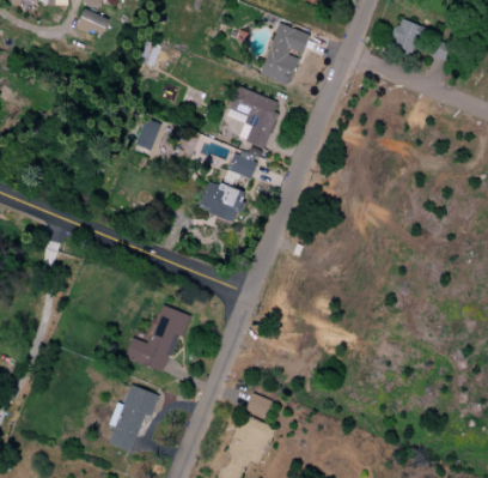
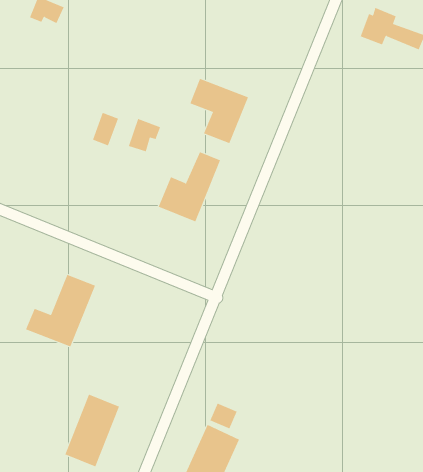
building: [257,23,310,86] -> none
building: none -> [128,118,161,152]
building: [124,305,191,375] -> [25,274,96,347]

